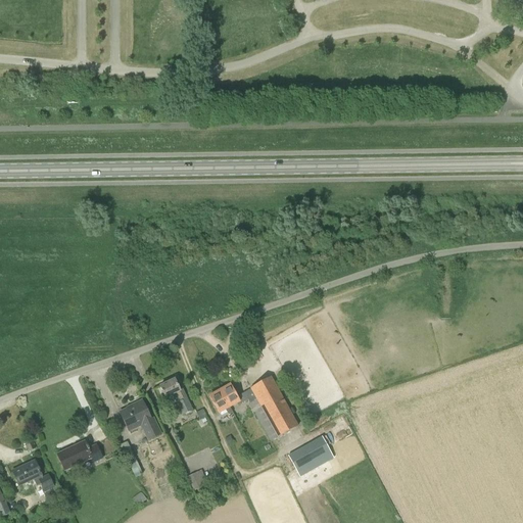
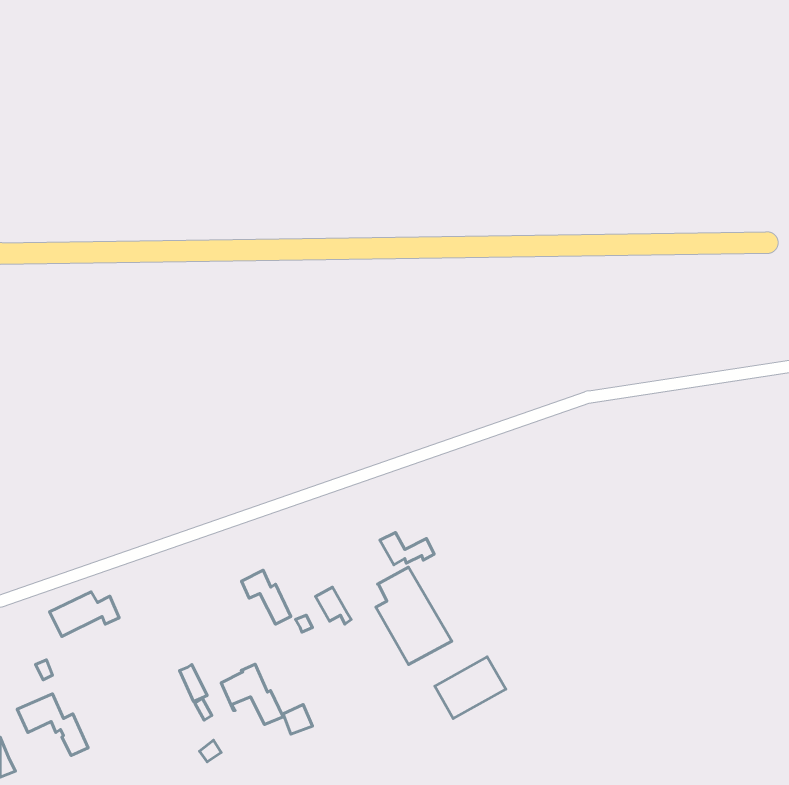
building: [221,383,256,405] -> [380,532,434,565]
building: [121,398,161,438] -> [221,664,283,724]
building: [57,439,103,469] -> [50,592,119,636]

